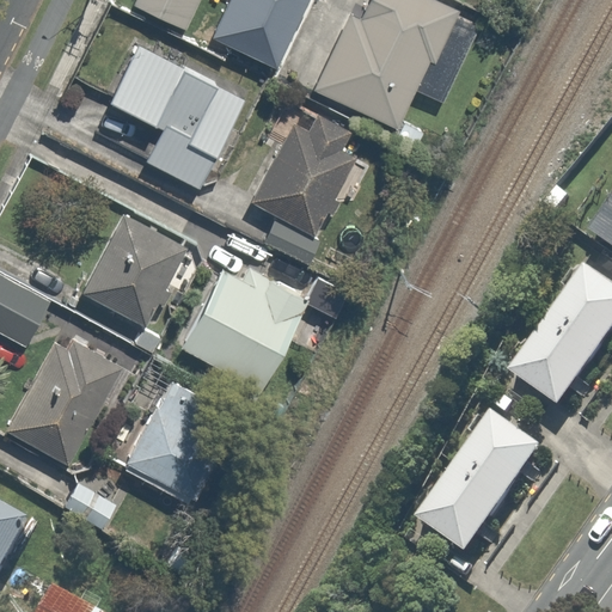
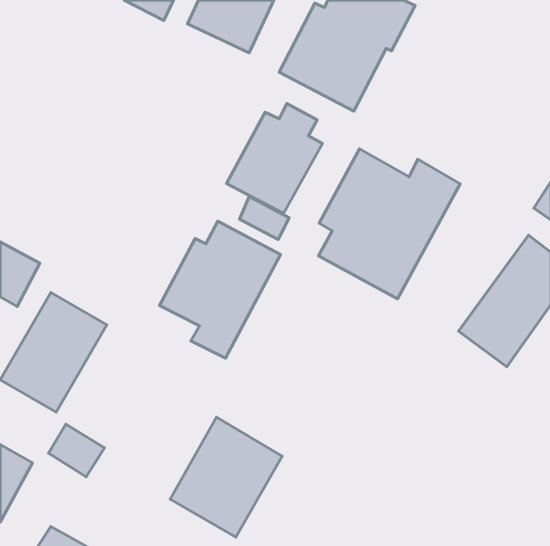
building: [105,41,246,189] -> none
building: none -> [318,149,460,299]
building: [78,210,188,325] -> none
building: [117,374,241,507] -> [170,417,282,537]
building: [420,418,544,558] -> none

